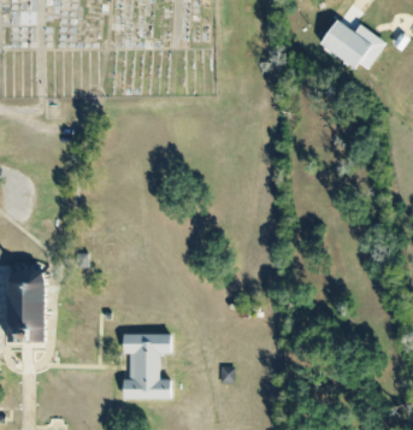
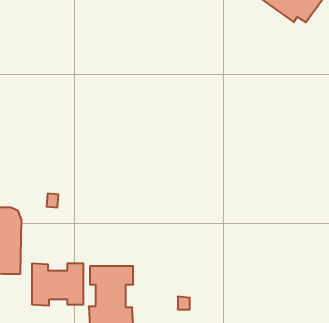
building: none -> [32,263,83,306]

